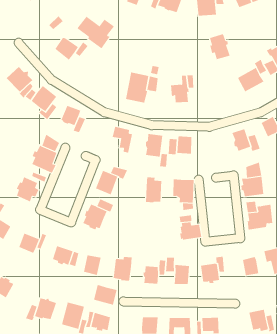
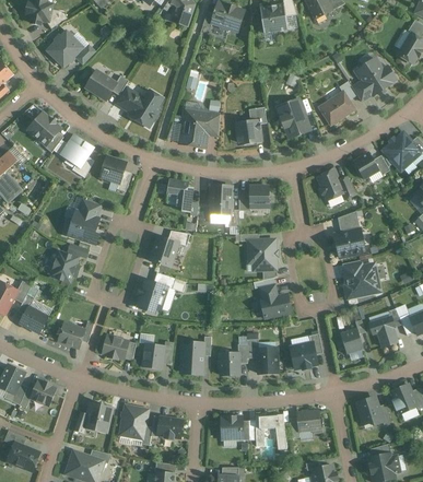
building: none -> [48,32,82,66]
building: [77,16,115,49] -> [116,87,164,128]
building: [209,34,230,60] -> [280,102,308,136]
building: [146,176,162,203] -> none
building: [93,284,117,305] -> none

